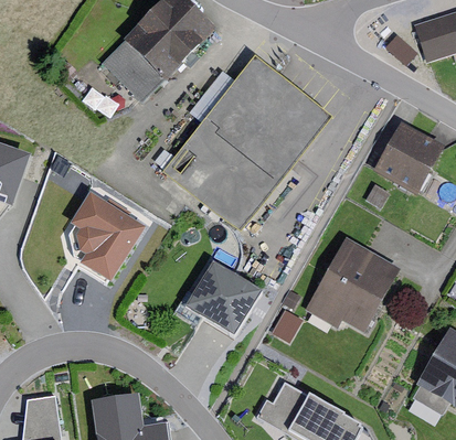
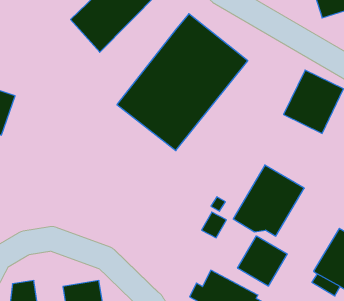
building: [67,194,144,286] -> none
building: [184,260,261,335] -> none
building: none -> [238,236,287,286]

